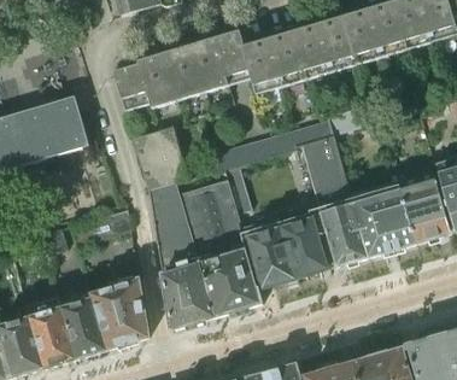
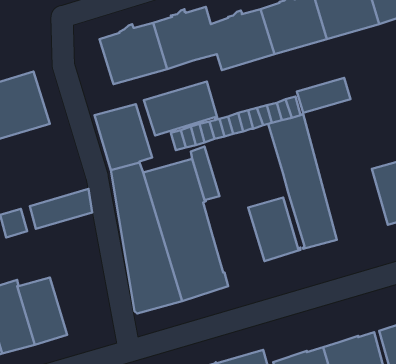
building: [113,64,150,111] -> none
building: none -> [144,81,218,135]
building: [352,189,416,258] -> none
building: [247,227,297,288] -> none
building: [88,271,148,350] -> none

